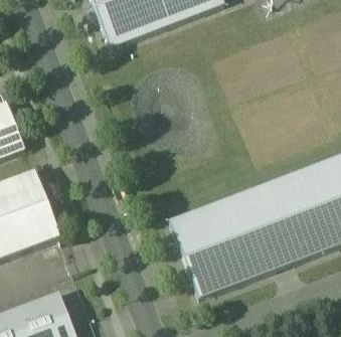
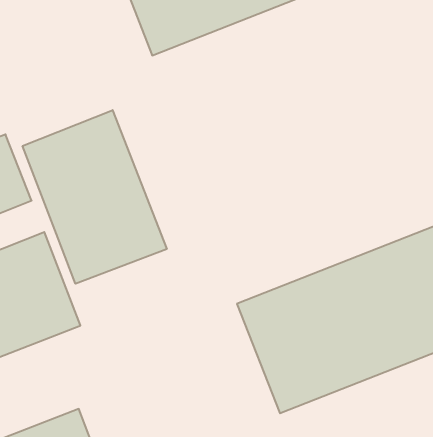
building: none -> [23,110,167,284]

